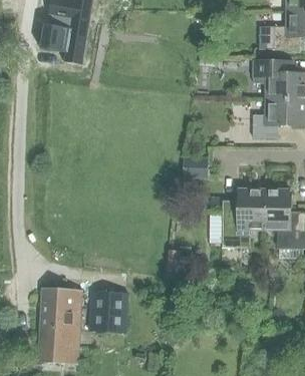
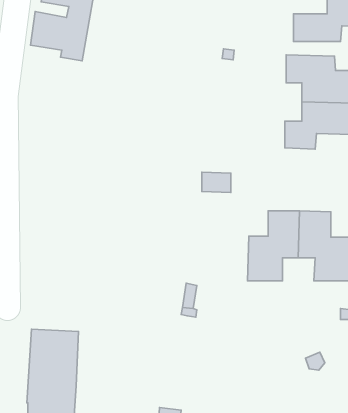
building: [88,289,128,332] -> none

